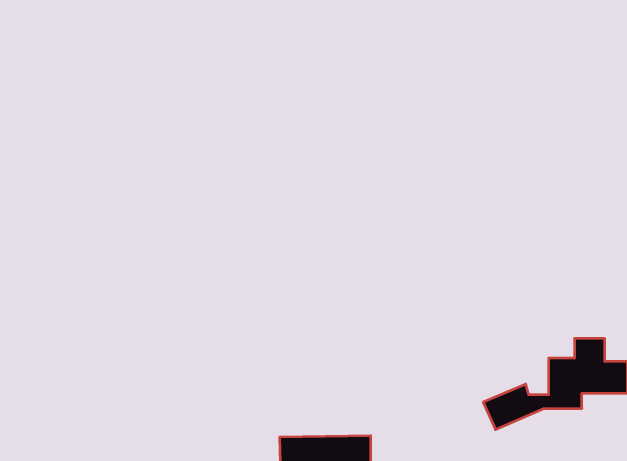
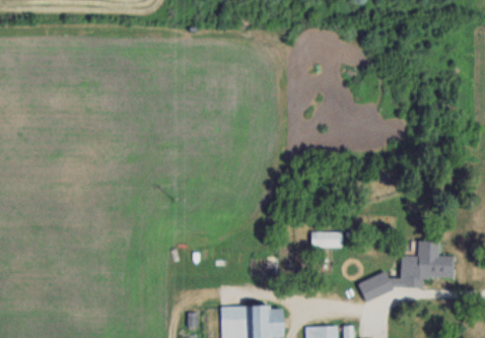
building: none -> [311,231,342,248]

